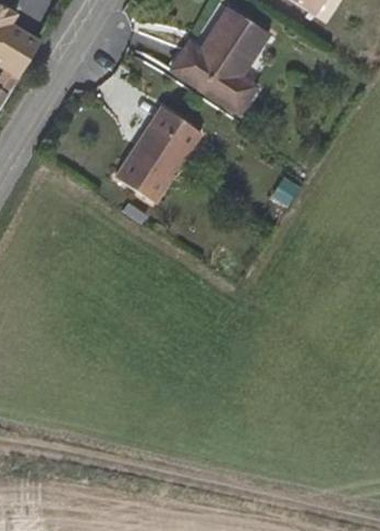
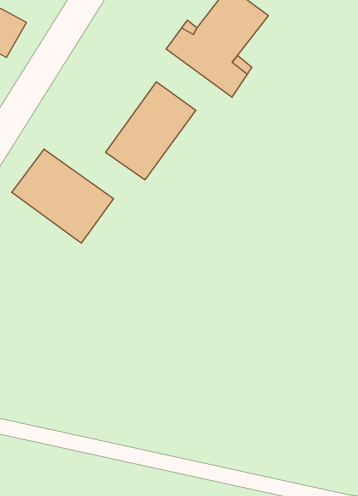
building: none -> [12,149,113,243]

